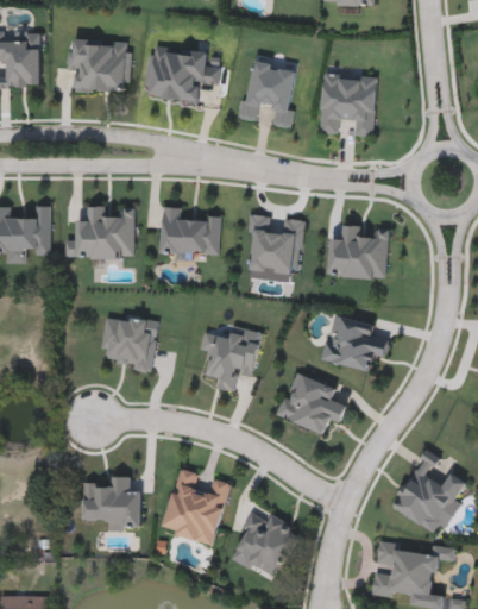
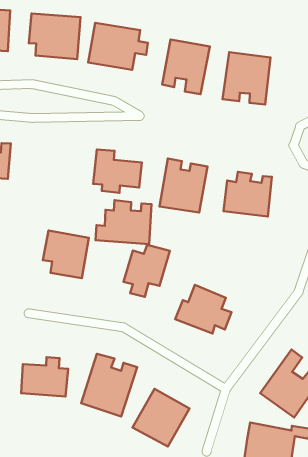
building: [65,205,134,258] -> [96,200,152,244]
building: [321,316,388,371] -> none

